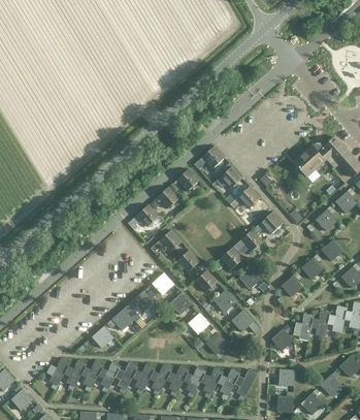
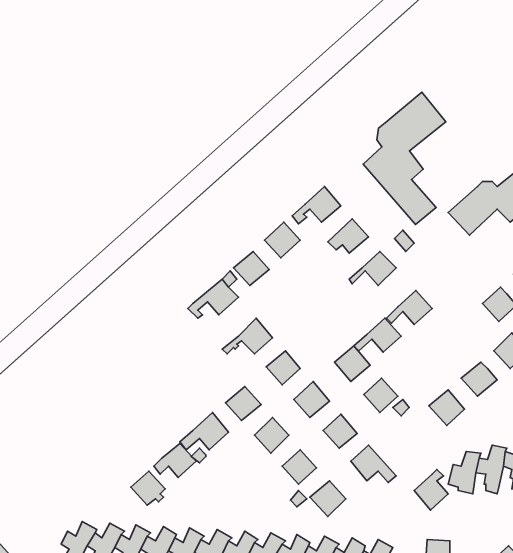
building: none -> [363,92,446,224]

